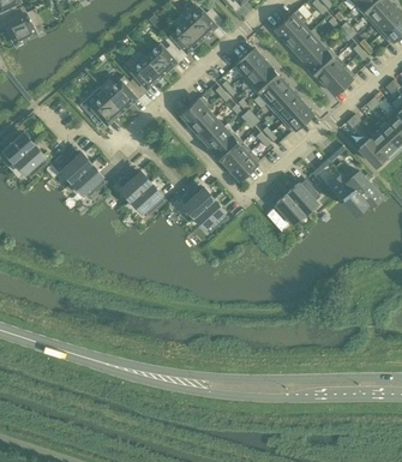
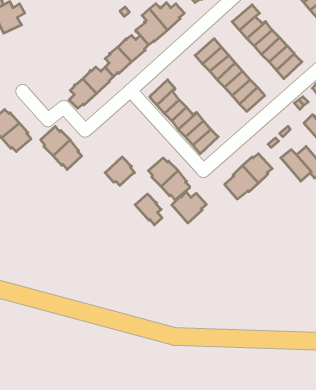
building: [118,168,150,202] -> none
building: none -> [172,192,206,223]
building: none -> [135,194,162,225]

